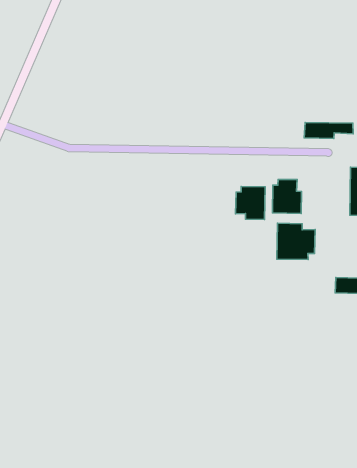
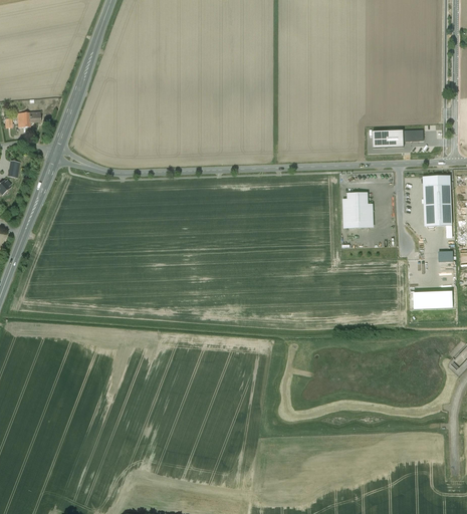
building: [236,186,265,220] -> none
building: [277,223,315,260] -> none

